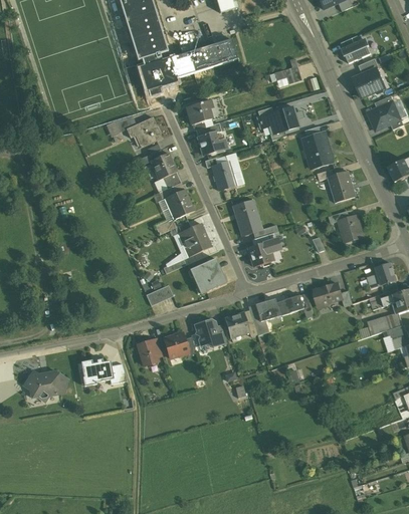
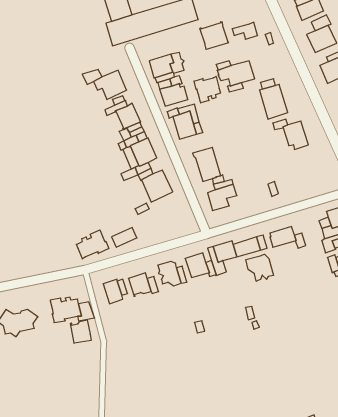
building: none -> [200,22,228,49]
building: none -> [194,76,220,103]
building: [329,210,364,242] -> none
building: [190,258,226,293] -> none
building: none -> [76,230,109,259]
building: none -> [246,254,274,281]
building: none -> [71,320,91,343]

